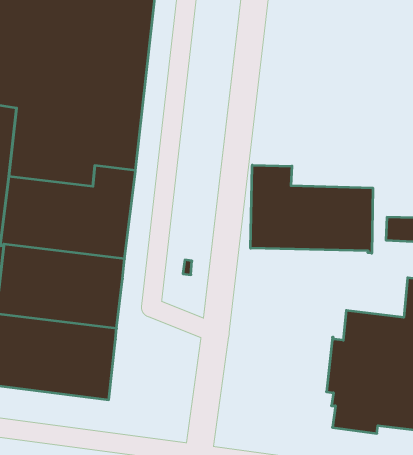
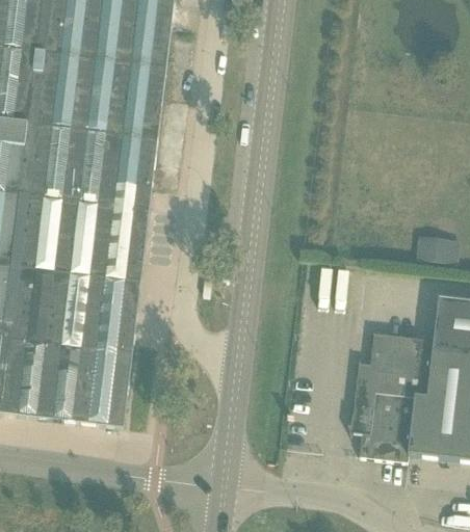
building: [251,165,373,253] -> none

